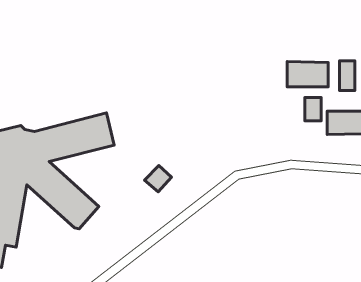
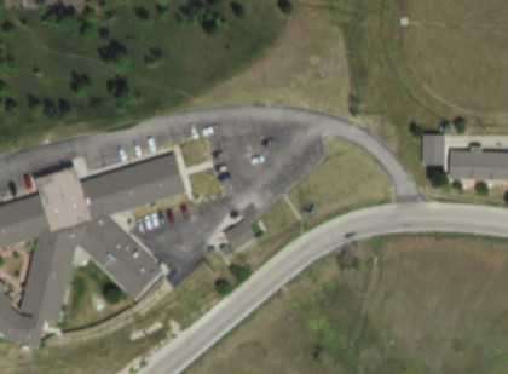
building: [340,61,355,91] -> none
building: [287,62,328,87] -> none

